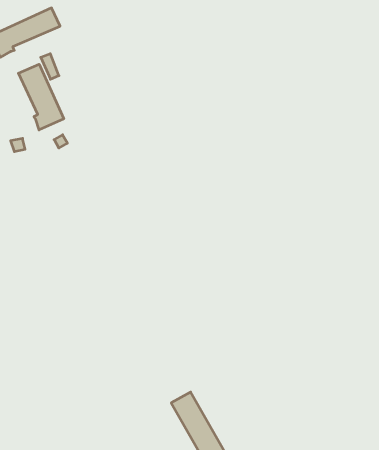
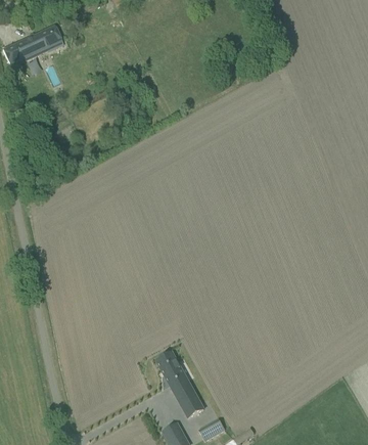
building: [18,64,64,130] -> none

